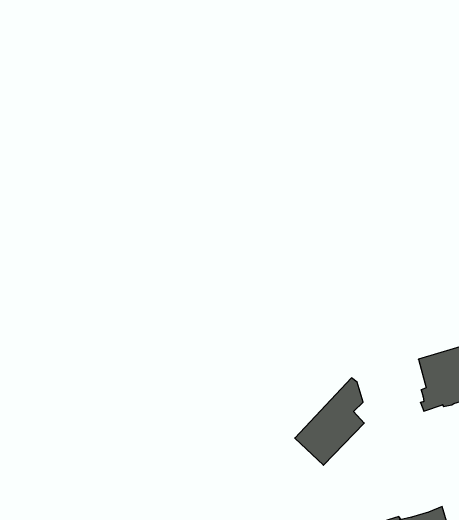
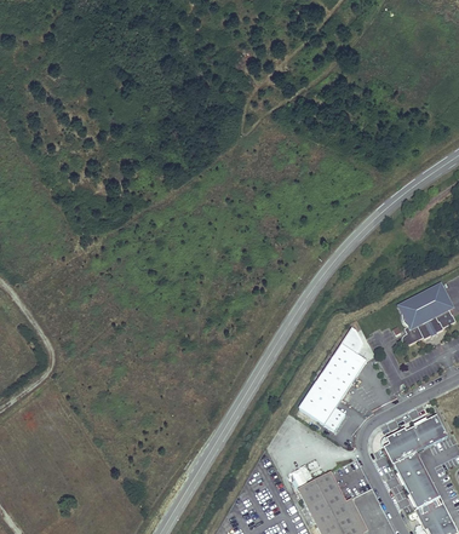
building: none -> [299,381,346,431]

